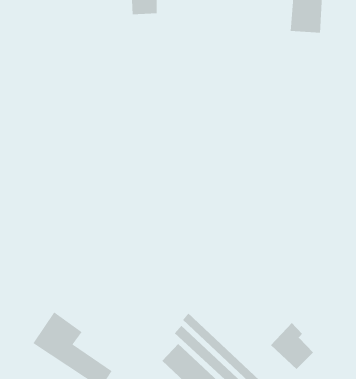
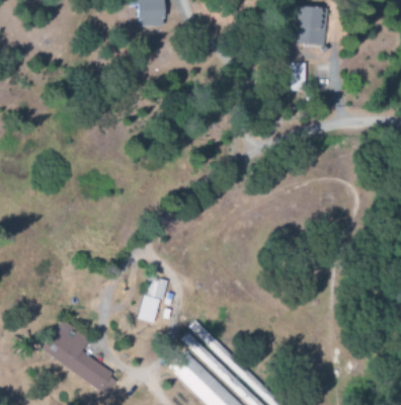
building: none -> [292,64,306,91]
building: none -> [140,276,165,323]
building: [270,322,314,370] -> none

